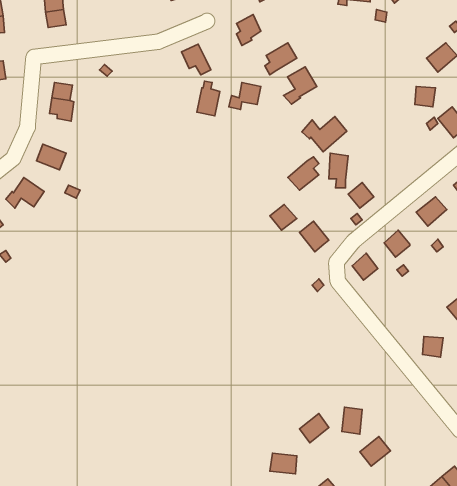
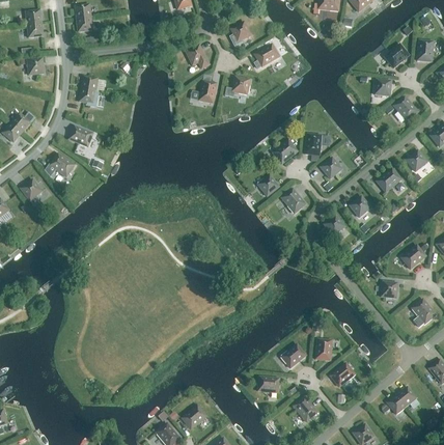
building: [283,67,317,104] -> none
building: [302,117,347,152] -> none

